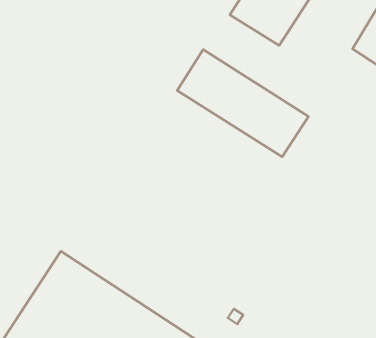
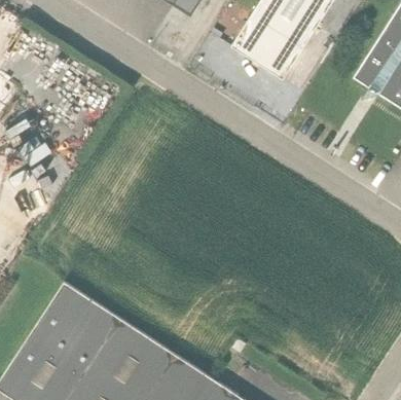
building: [177,49,309,157] -> none

